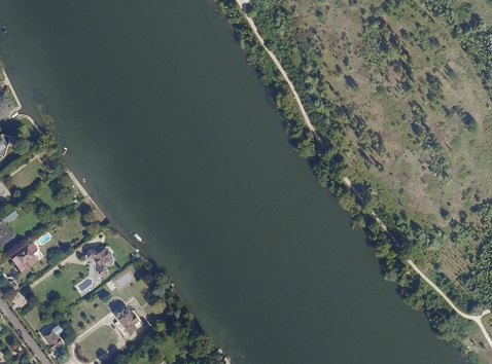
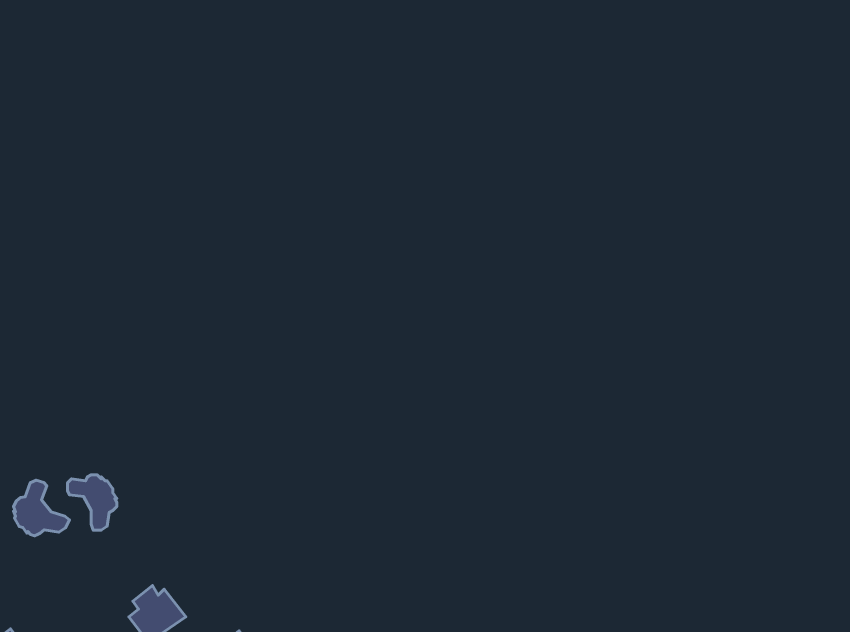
building: none -> [13,480,69,536]

